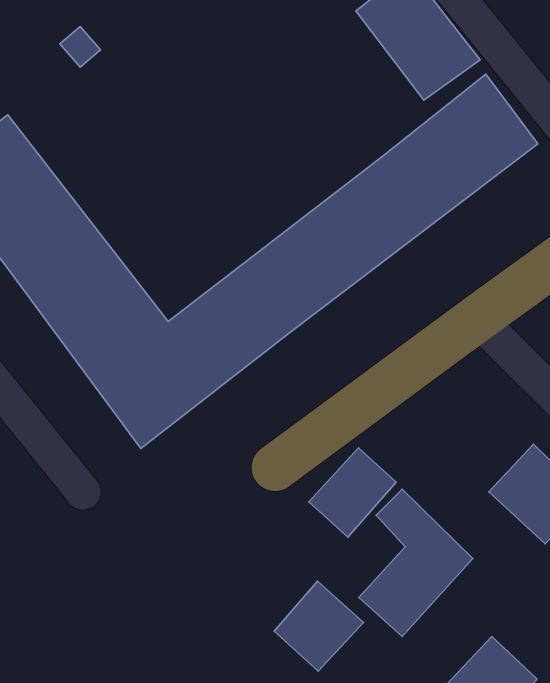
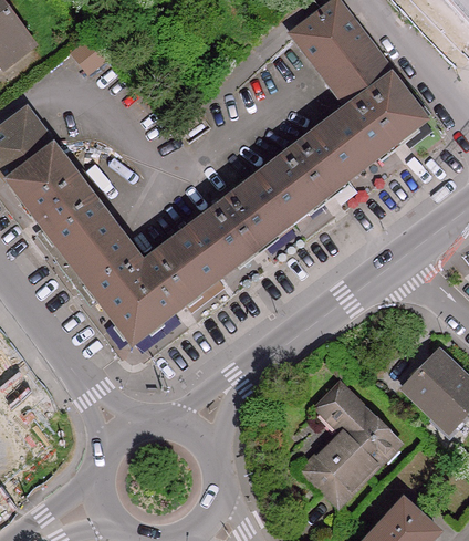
building: [309,448,396,537] -> none
building: [274,581,363,671] -> none

